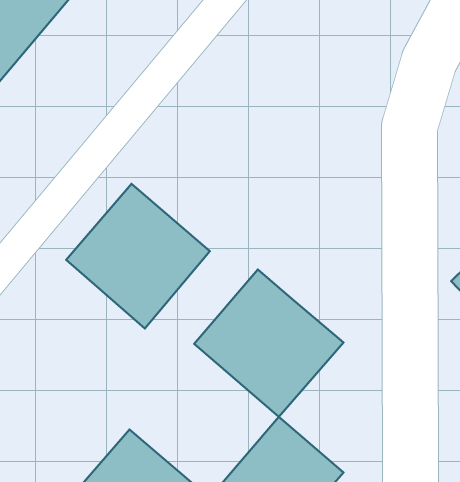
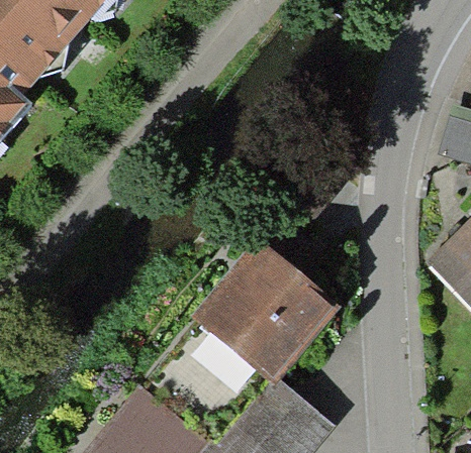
building: [66,184,210,328] -> none

